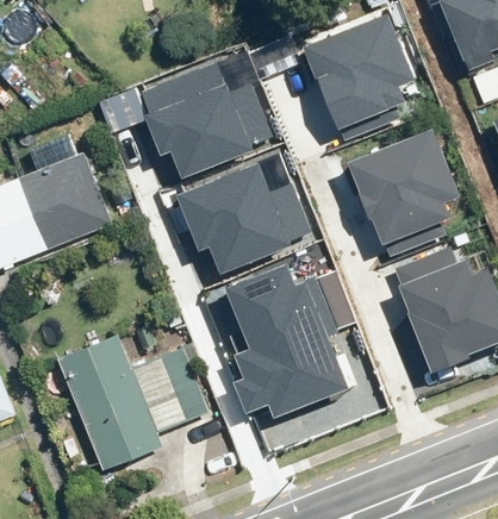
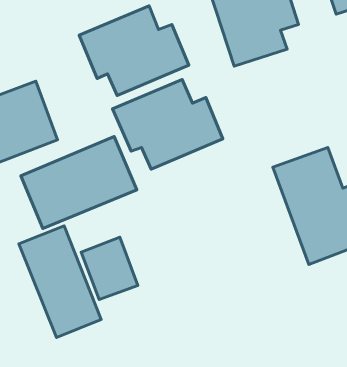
building: [343,130,462,250] -> none
building: none -> [21,136,137,228]
building: [224,262,356,417] -> none

